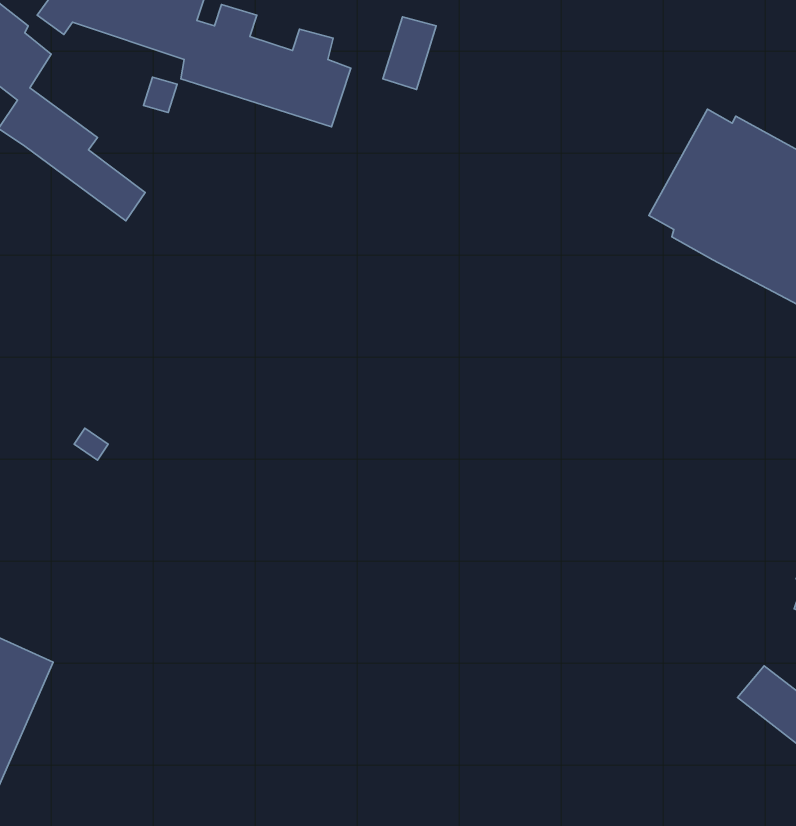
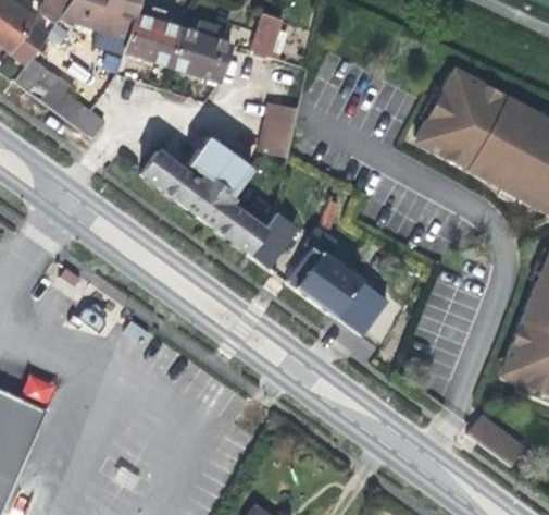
building: none -> [261,102,299,157]
building: none -> [141,135,298,267]
building: none -> [288,200,388,335]

